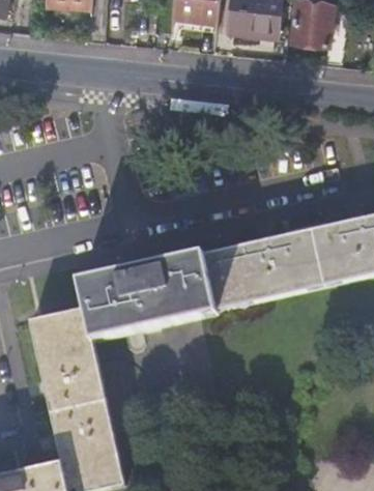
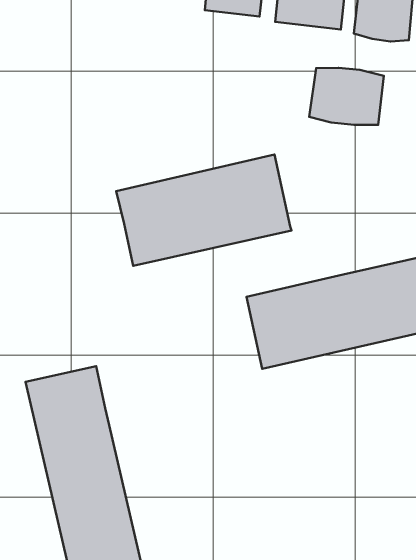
building: none -> [309,68,384,125]
building: [78,252,217,340] -> [116,154,291,266]

